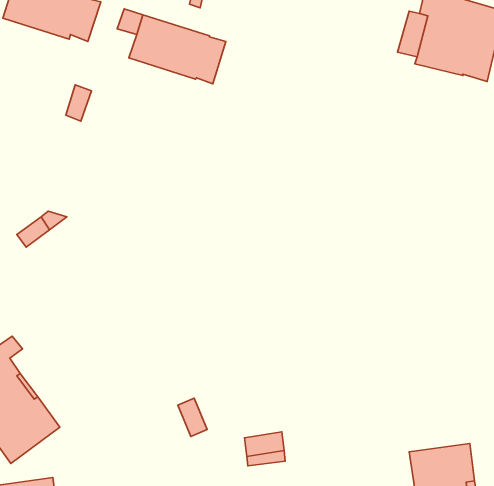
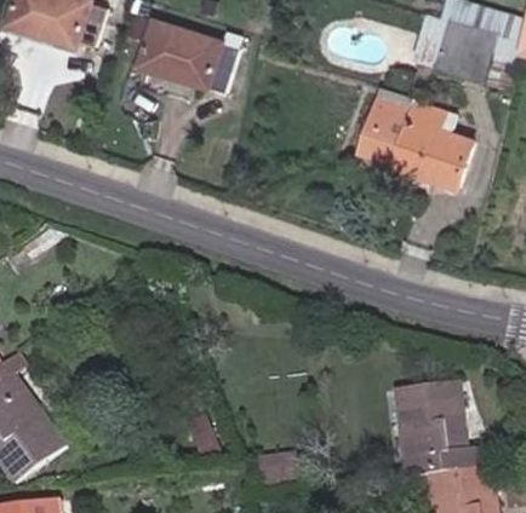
building: none -> [358,90,470,189]
building: none -> [393,380,490,477]

